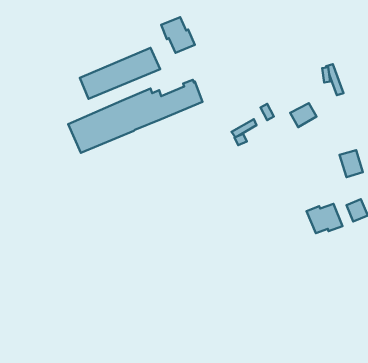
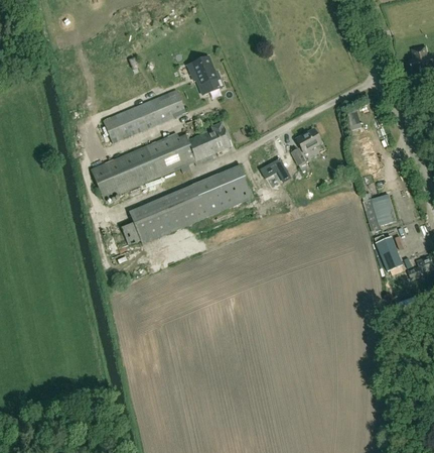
building: [290,103,316,127] -> [295,127,322,152]
building: none -> [121,164,254,244]
building: [307,204,343,233] -> none

